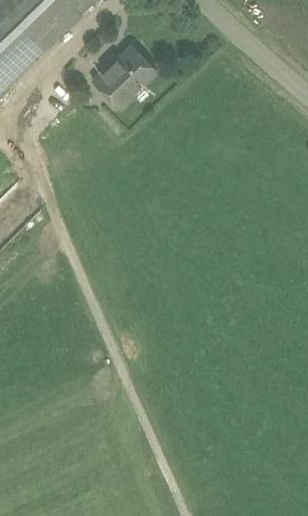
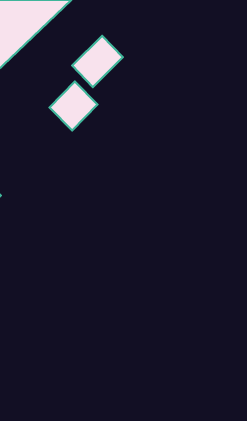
building: none -> [49,82,98,130]

